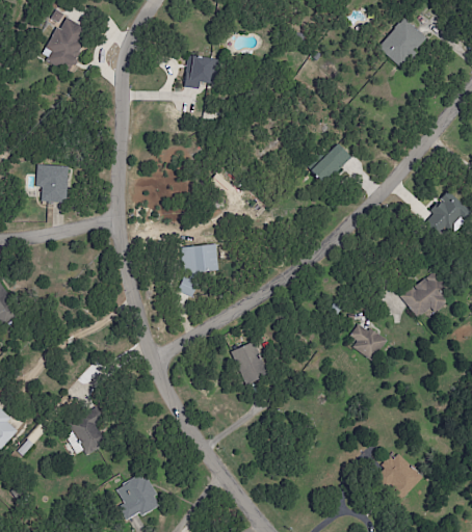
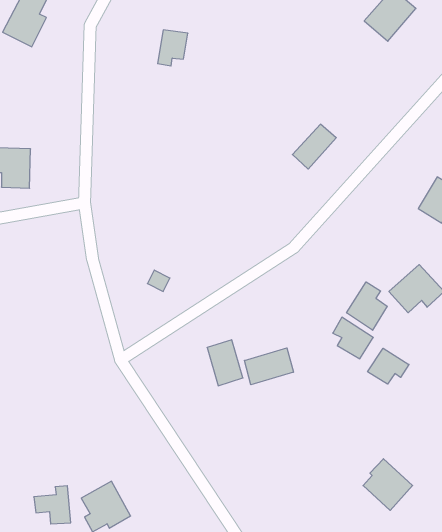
building: [181,244,218,272] -> none
building: none -> [347,282,387,330]
building: none -> [244,348,293,385]
building: none -> [368,348,409,384]
building: [67,416,101,451] -> [34,486,71,524]

